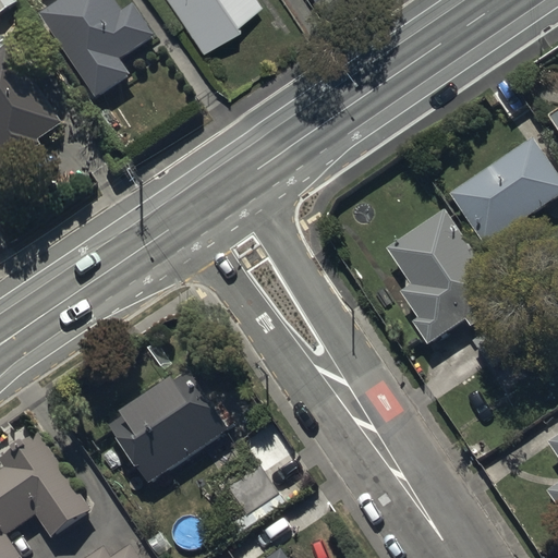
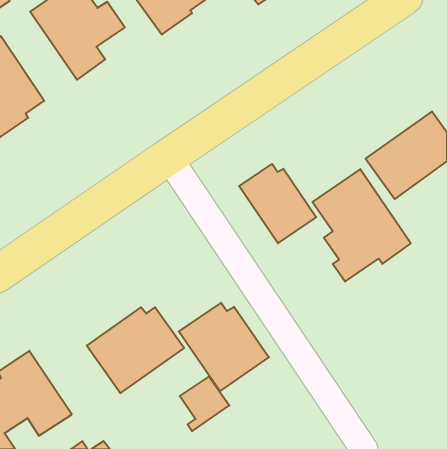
building: none -> [239,164,316,243]
building: none -> [179,303,269,391]

